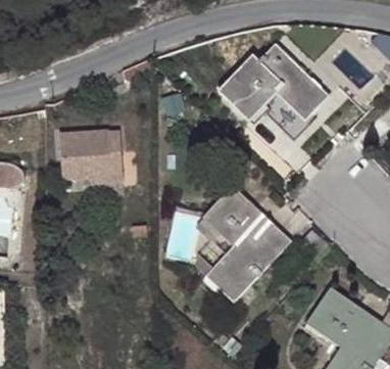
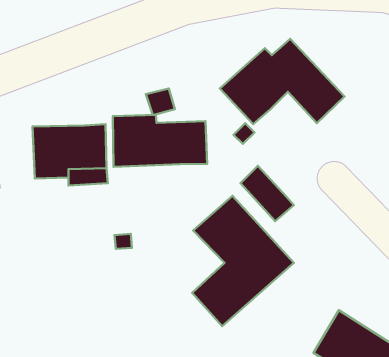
building: [267,96,314,145] -> [241,166,294,221]
building: none -> [113,115,207,167]

